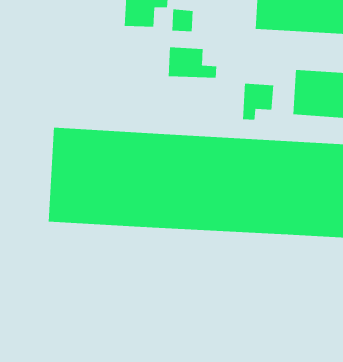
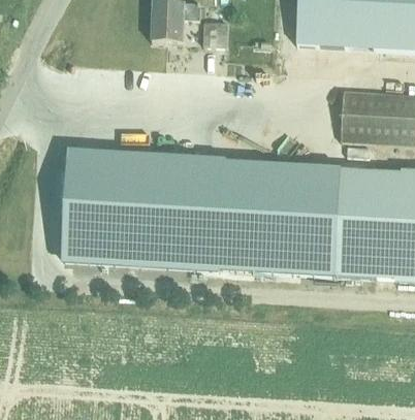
building: [168,47,217,78] -> none
building: [243,83,274,120] -> none

